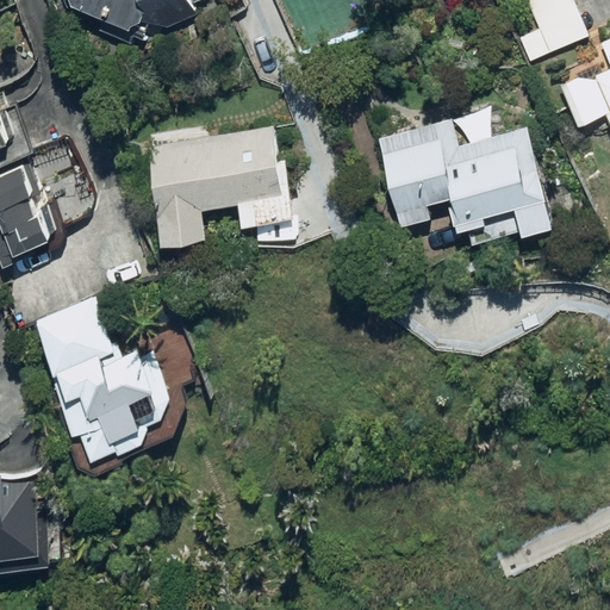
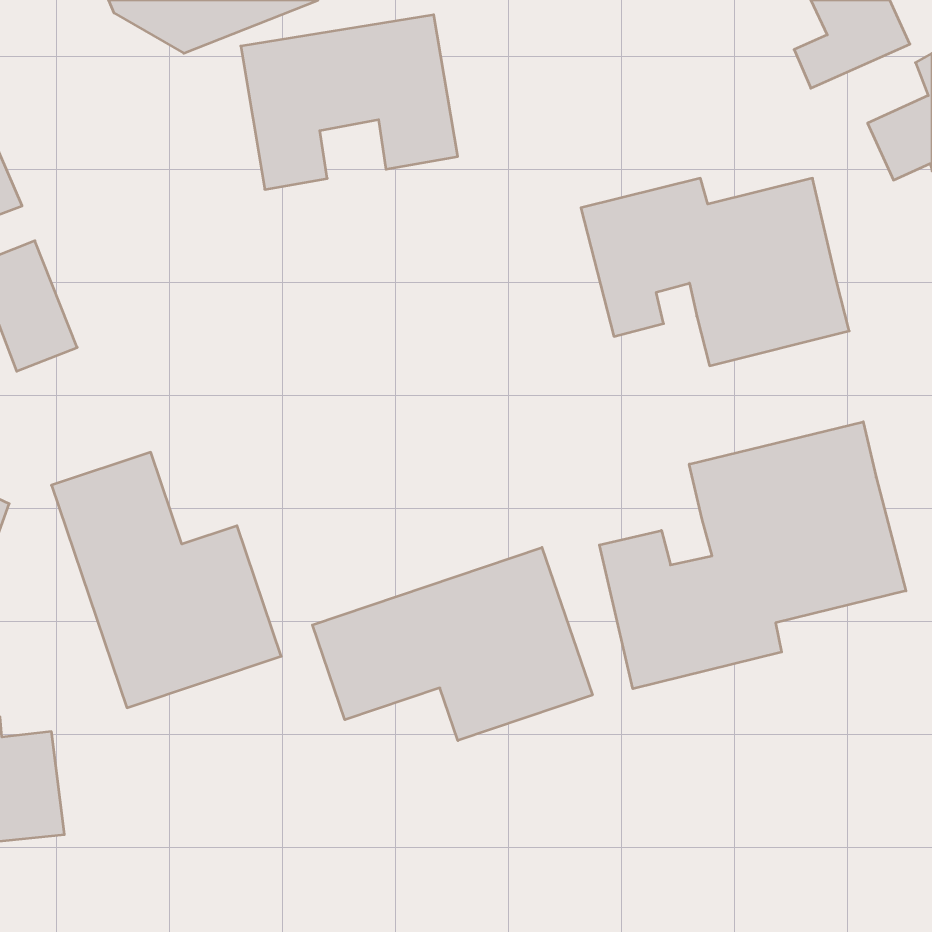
building: [147,126,287,239] -> [241,15,458,189]
building: none -> [599,422,906,689]
building: none -> [312,547,592,741]

